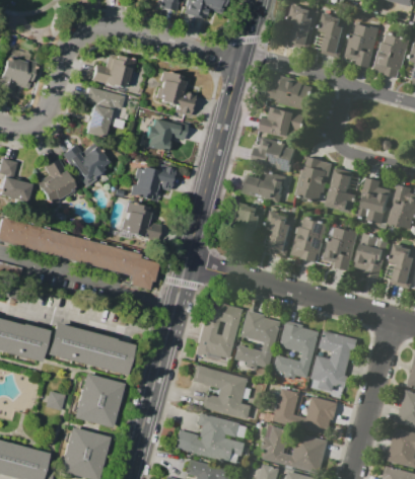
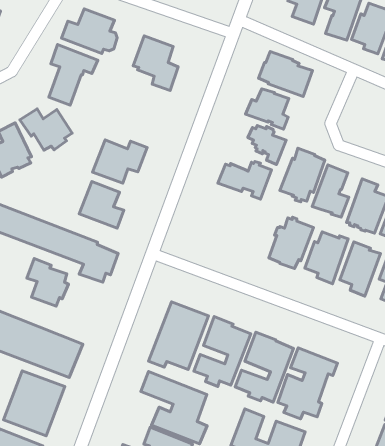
building: [145,118,188,153] -> none
building: [234,204,266,243] -> none
building: [266,211,296,252] -> none
building: none -> [27,258,69,306]

